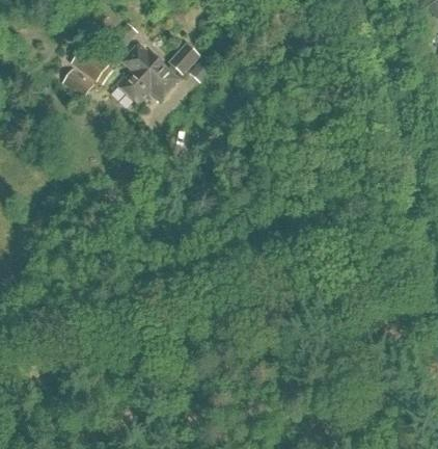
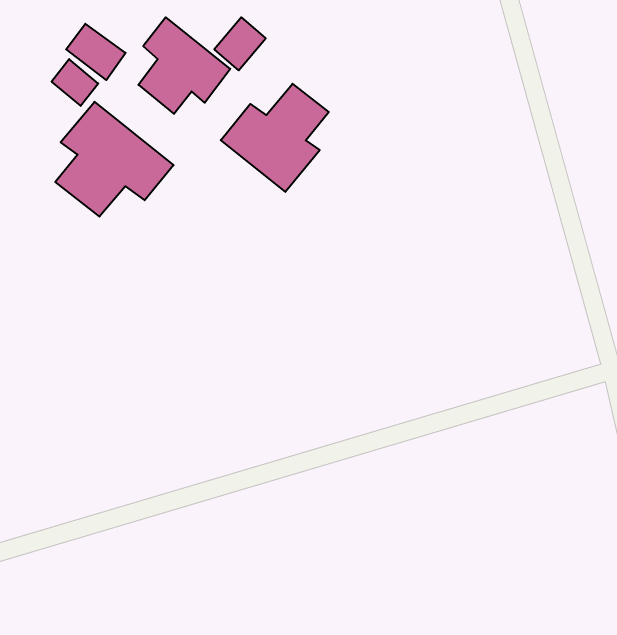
building: none -> [221,84,329,192]
building: none -> [55,102,174,217]

